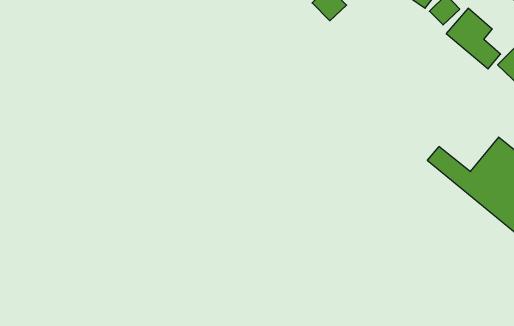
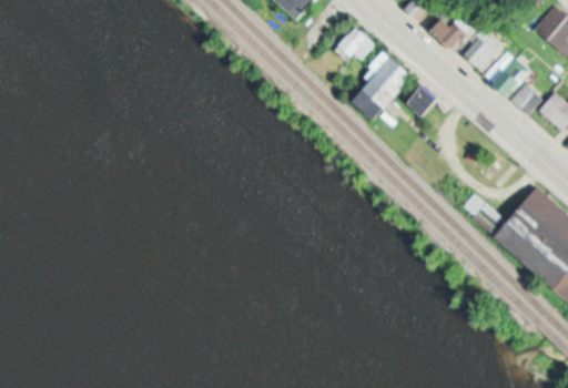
building: none -> [355,57,412,118]
building: none -> [406,85,435,115]

